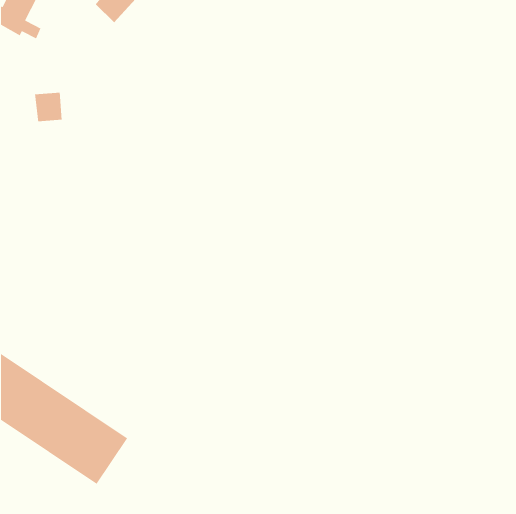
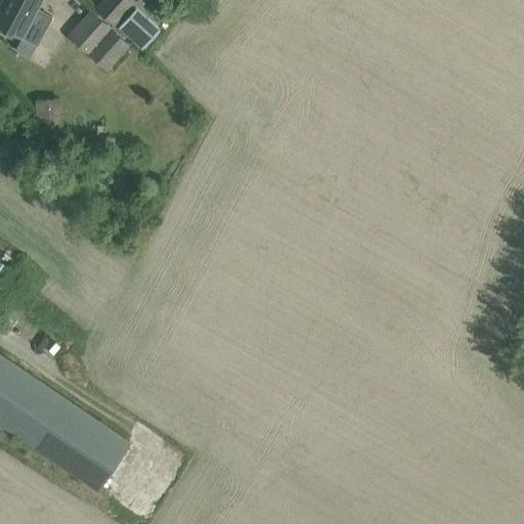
building: none -> [118,5,160,47]
building: none -> [69,9,130,68]

